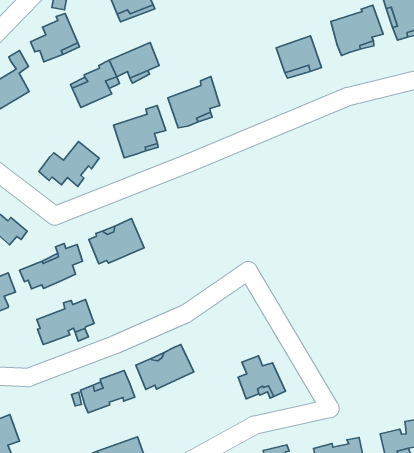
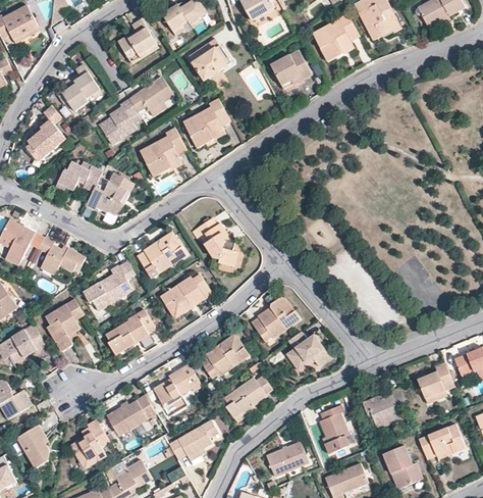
building: none -> [190,39,232,84]
building: none -> [57,161,103,192]
building: none -> [198,217,236,267]
building: none -> [159,272,210,317]
building: none -> [251,297,299,340]
building: none -> [105,395,155,436]
building: none -> [223,376,272,417]

